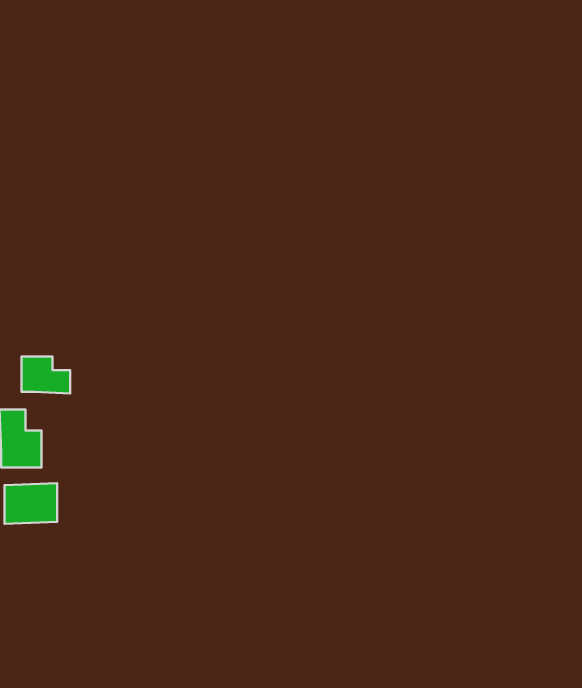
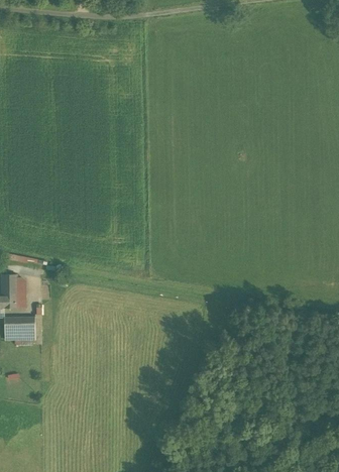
building: [21,356,70,393] -> none

